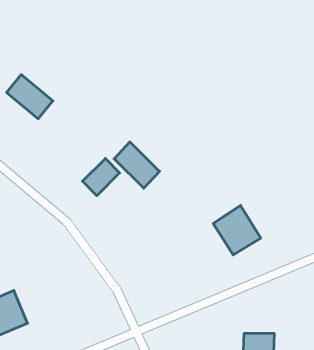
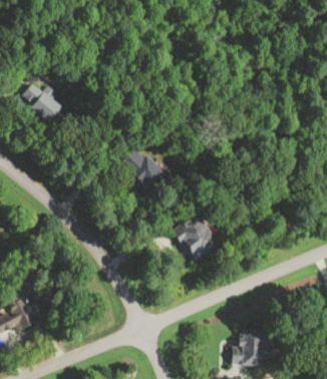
building: [82,158,120,196] -> none
building: [213,205,261,255] -> [174,213,219,260]

